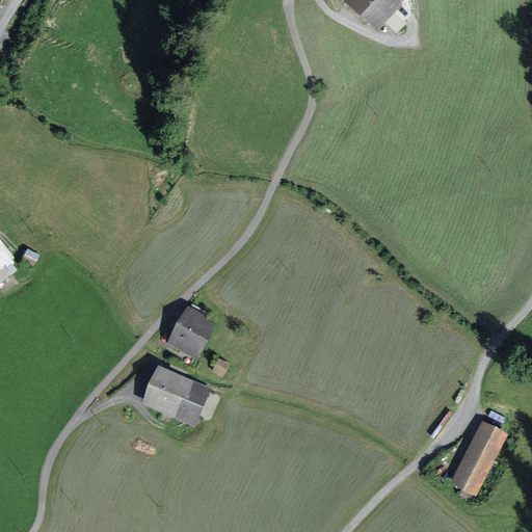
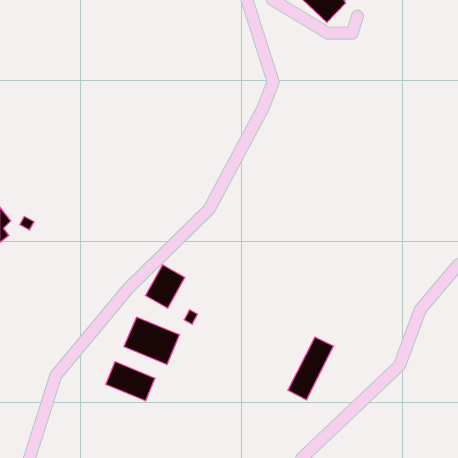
building: none -> [106,362,155,401]
building: [451,421,504,494] -> [288,337,334,400]

